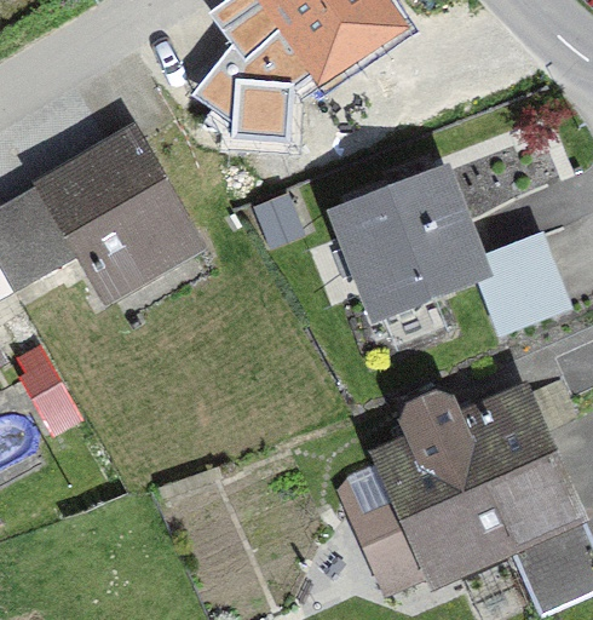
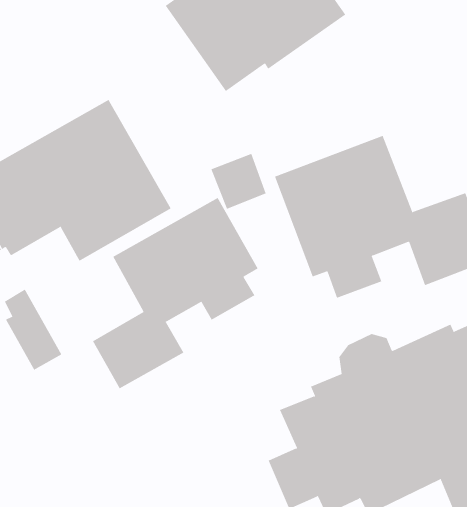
building: none -> [92,197,258,389]

